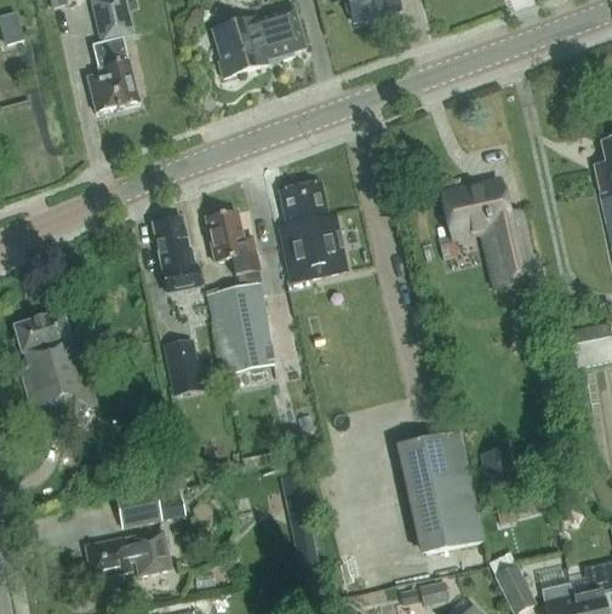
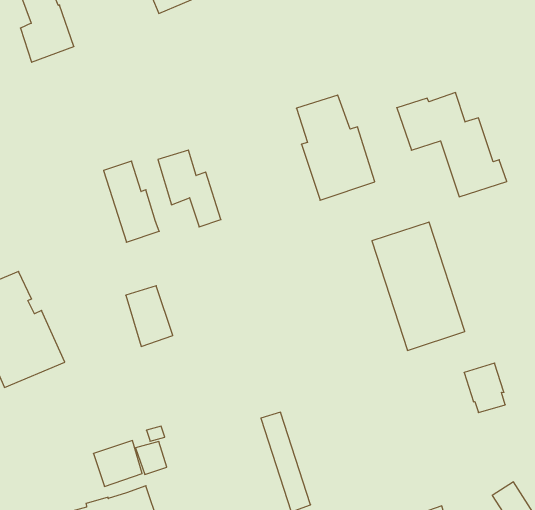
building: [279,182,347,281] -> [296,95,375,200]
building: [208,281,276,374] -> none
building: [402,431,482,552] -> [372,222,465,350]

